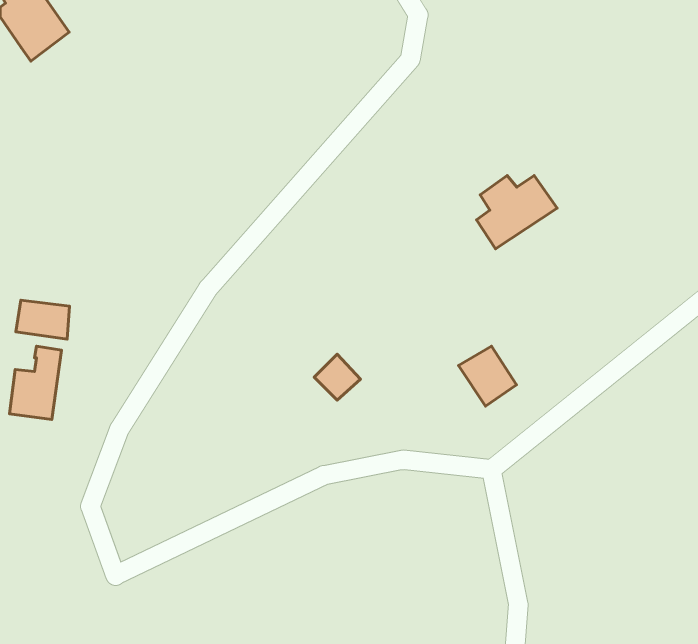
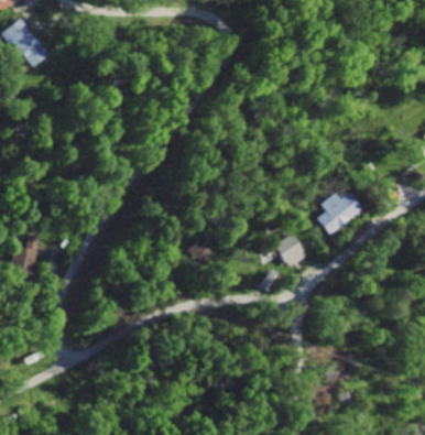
building: [476,175,557,249] -> [318,192,364,233]
building: [16,300,69,339] -> none

